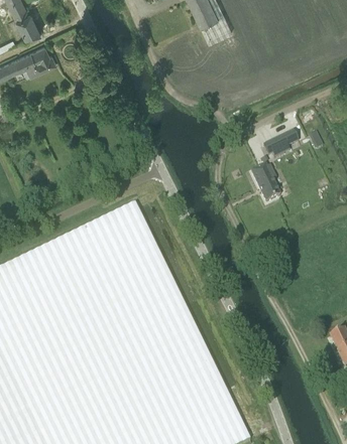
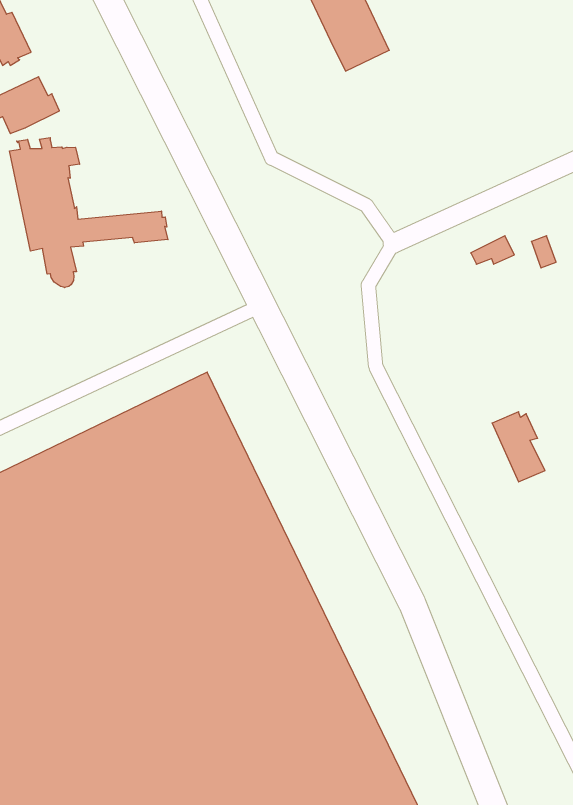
building: none -> [10,138,168,288]
building: [252,166,280,203] -> [492,412,545,482]

